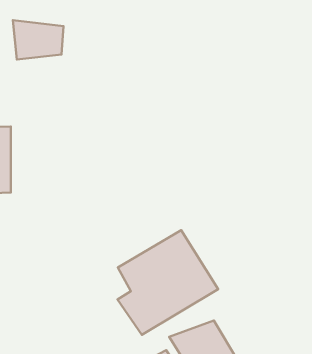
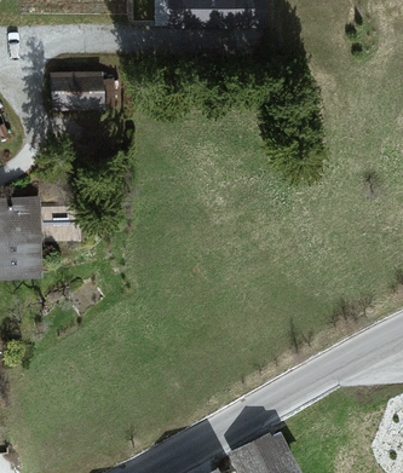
building: [118,230,218,335] -> none

